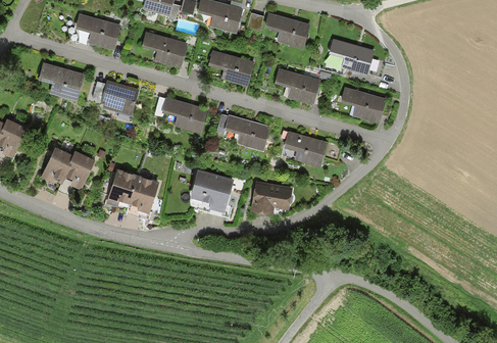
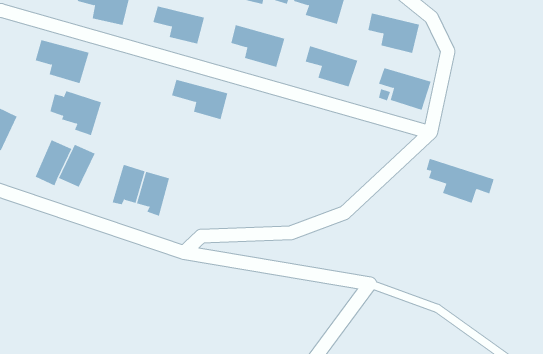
building: [93,79,139,118] -> [50,90,102,136]
building: [216,111,271,150] -> none
building: [280,128,340,167] -> [426,158,494,204]
building: [190,166,235,213] -> none
building: [252,180,295,213] -> none

